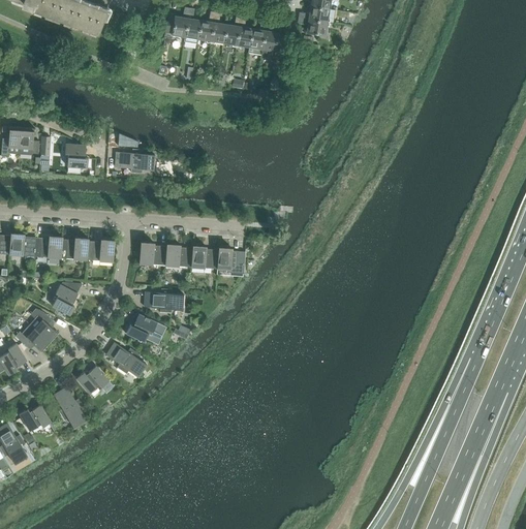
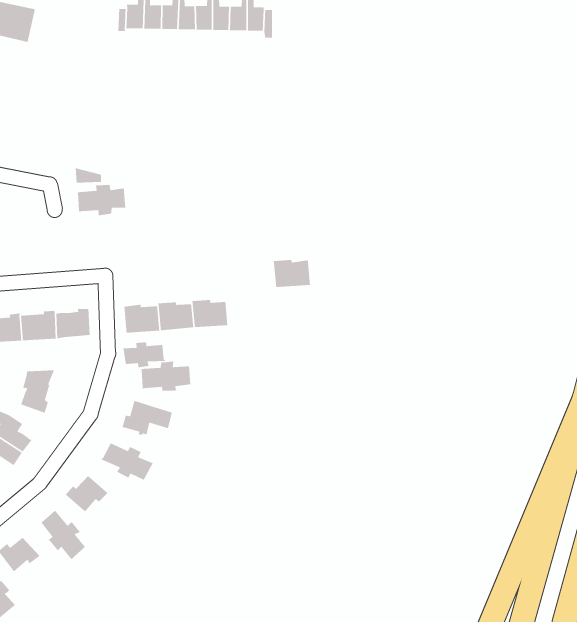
building: [64,144,87,169] -> none
building: [216,248,244,271] -> [273,259,311,288]
building: none -> [123,341,166,368]

